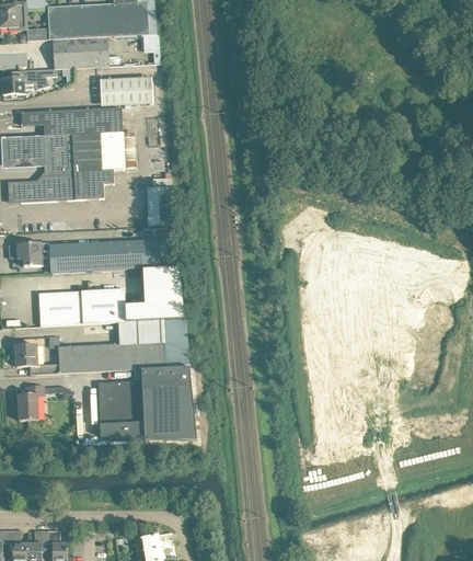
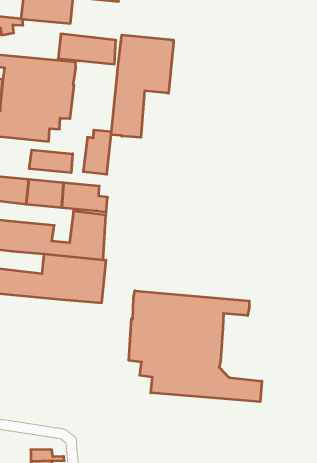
building: none -> [111,35,173,137]
building: none -> [29,150,73,173]
building: none -> [129,291,262,402]
building: [95,366,195,439] -> none

